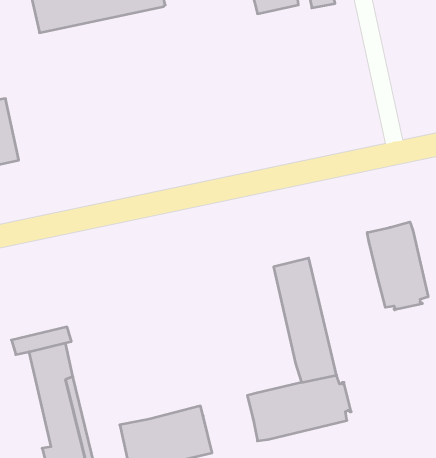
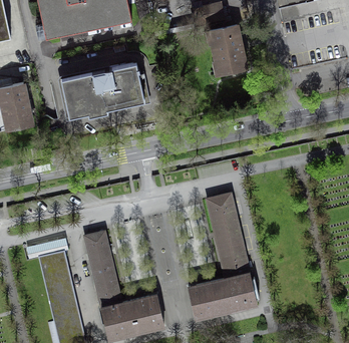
building: none -> [209,23,246,72]
building: none -> [63,62,148,120]
building: [367,222,428,310] -> none
building: none -> [84,229,120,305]

